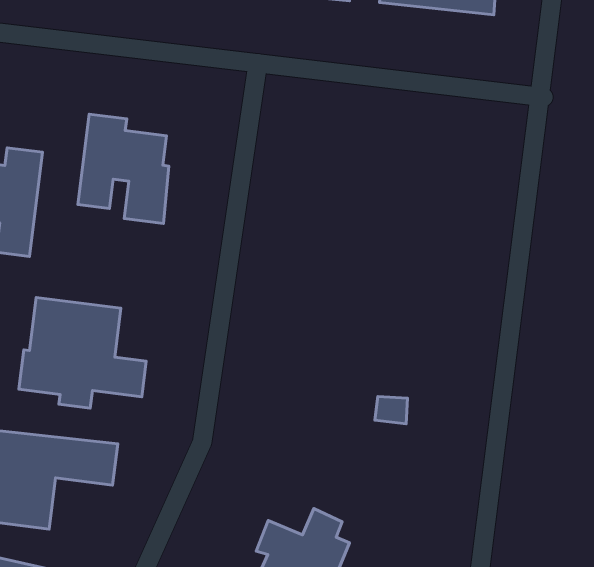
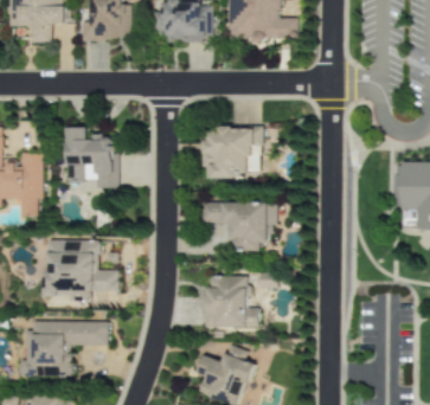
building: none -> [204,127,261,179]
building: none -> [203,202,276,251]
building: none -> [206,276,258,328]

